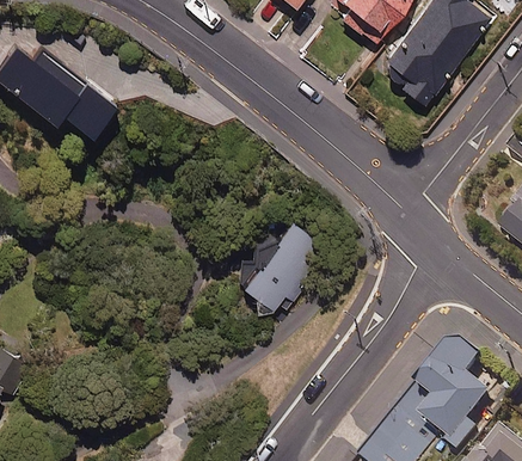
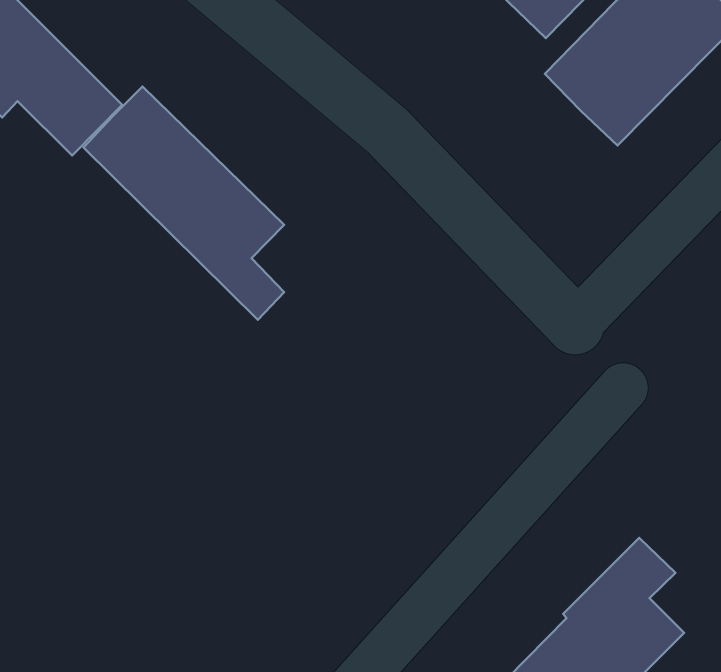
building: none -> [83,87,284,320]
building: [237,219,327,307] -> none

